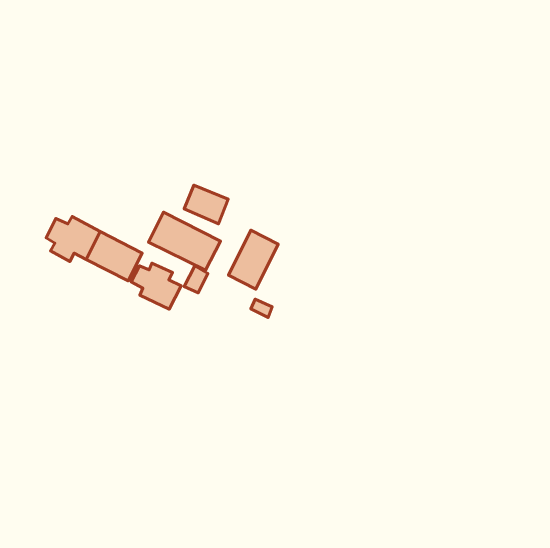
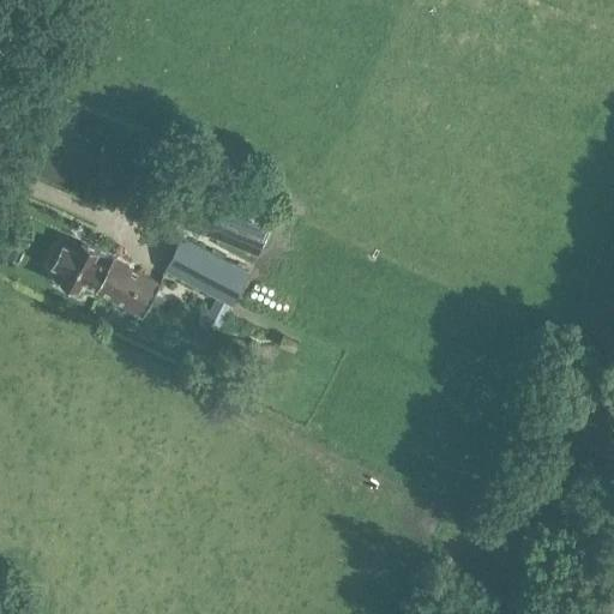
building: [228,230,278,289] -> none
building: [131,263,181,309] -> none

